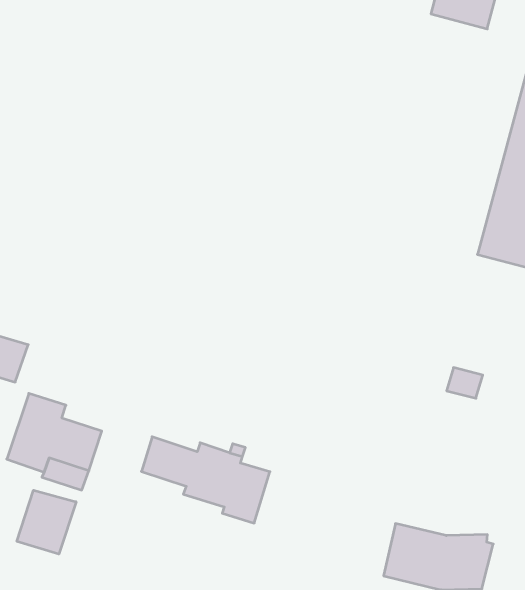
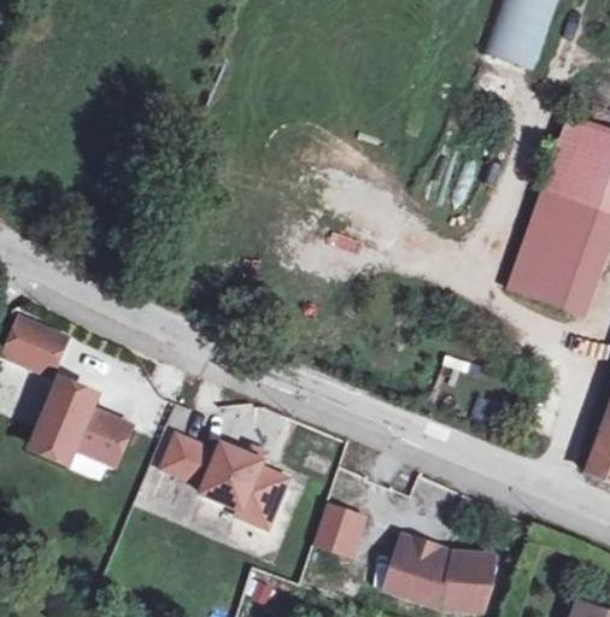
building: [17,490,76,554] -> none
building: none -> [317,506,366,554]

